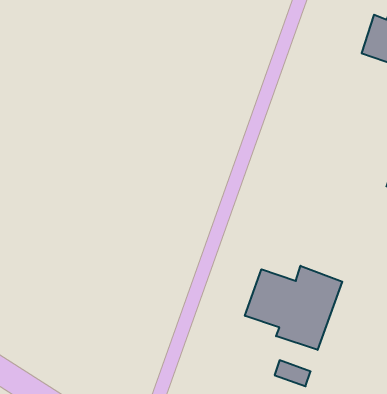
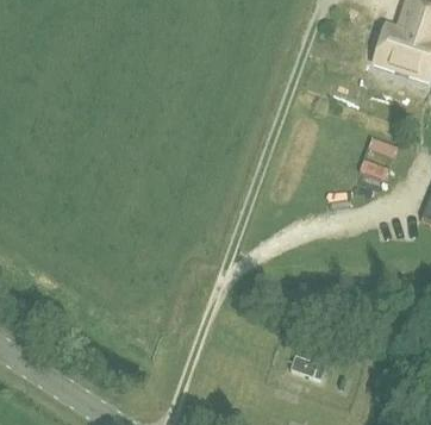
building: [245,266,342,350] -> none

